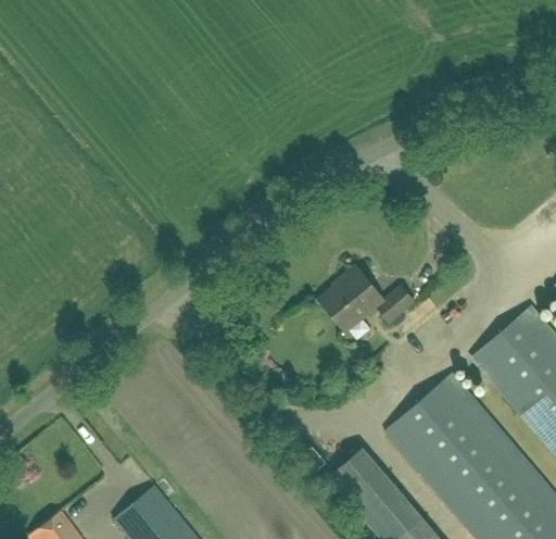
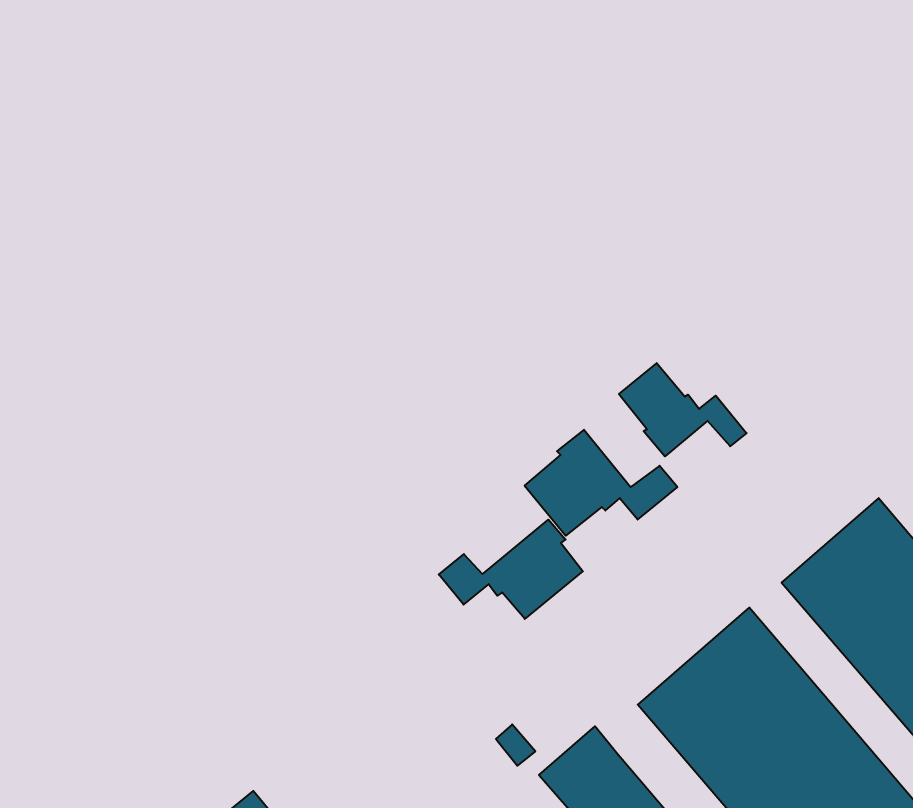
building: none -> [619,363,747,456]
building: none -> [439,520,583,619]

